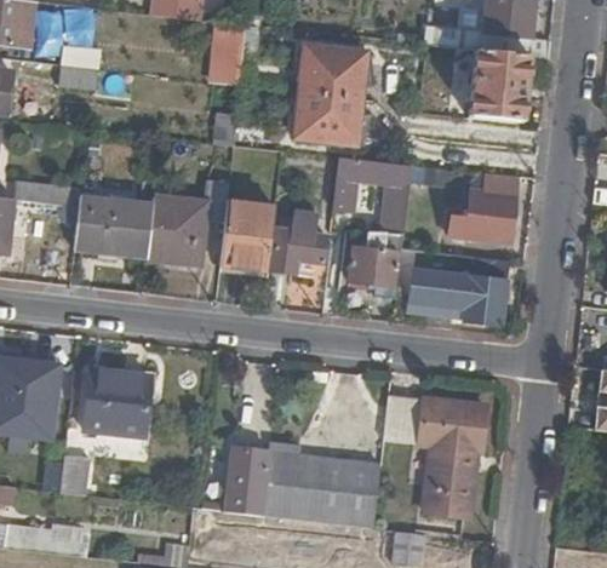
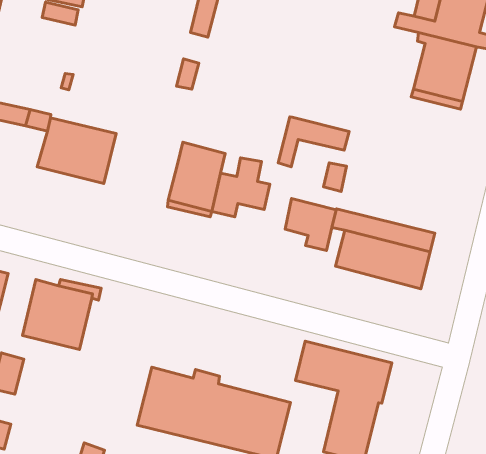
building: [296,48,365,144] -> none
building: [448,173,517,243] -> none
building: [149,179,229,262] -> none

